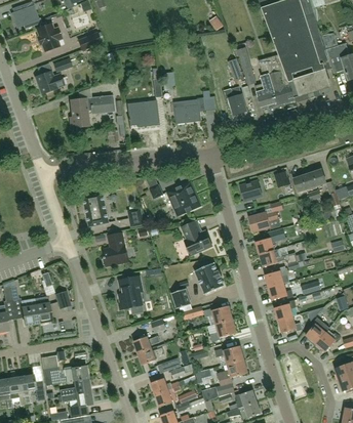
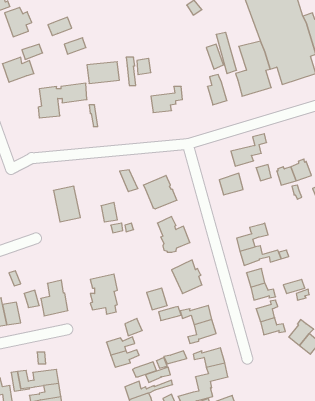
building: [128,108,159,128] -> [87,62,119,83]
building: [249,201,283,231] -> [231,134,267,166]
building: [103,232,128,266] -> [41,280,68,316]

